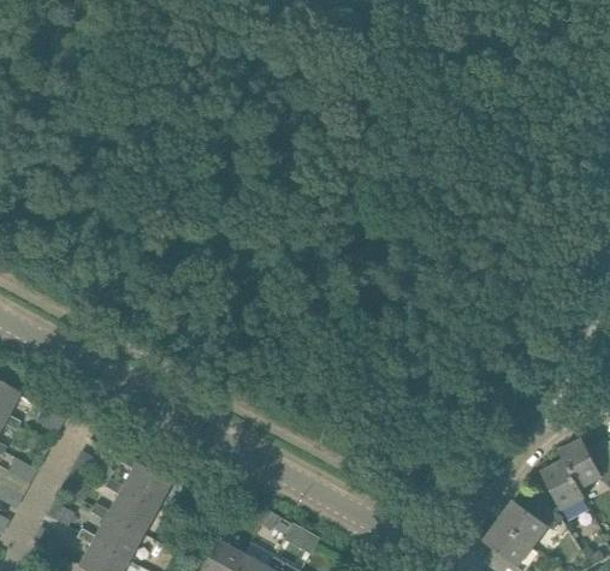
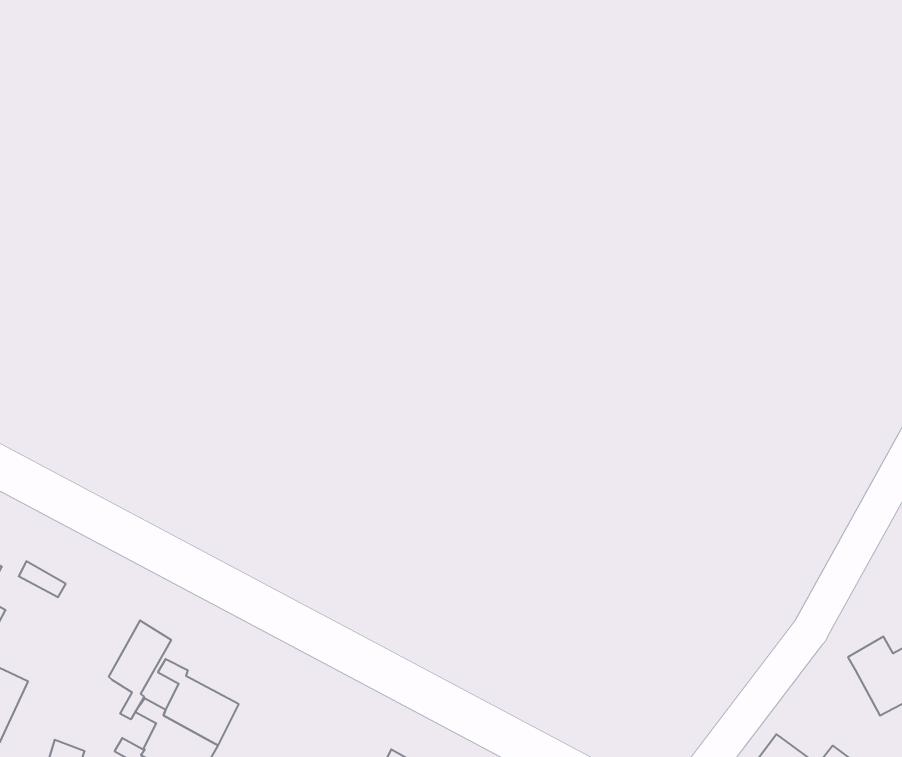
building: none -> [109,620,171,719]
building: [541,460,585,510] -> none

